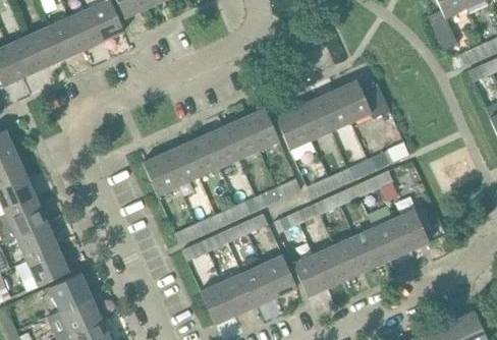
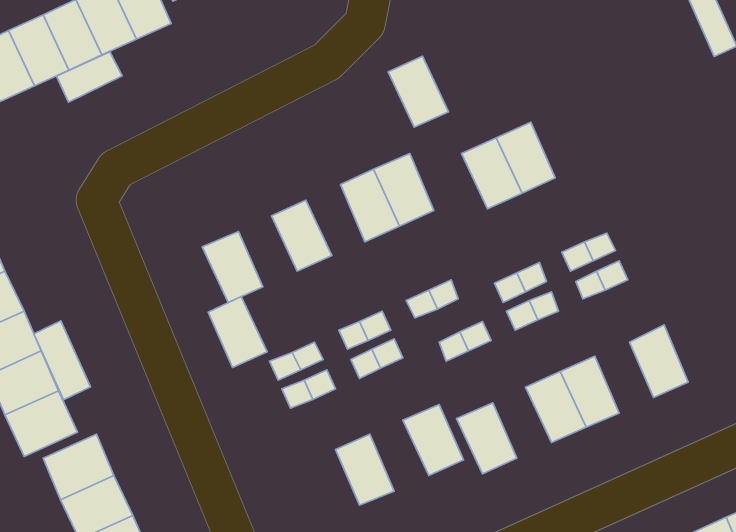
building: none -> [56,52,122,102]
building: [336,80,390,122] -> none
building: [275,108,311,150] -> [388,56,449,127]
building: [204,126,238,168] -> none
building: [164,145,199,186] -> [208,296,267,367]
building: [368,206,408,261] -> none
building: none -> [34,321,91,400]
building: [314,245,348,287] -> none
building: [241,265,276,306] -> none
building: [201,282,235,325] -> none

